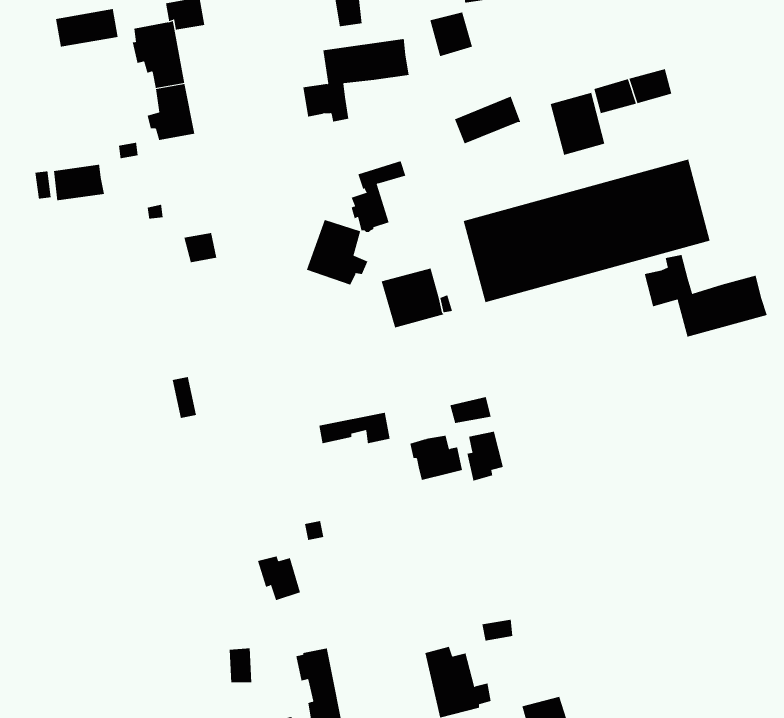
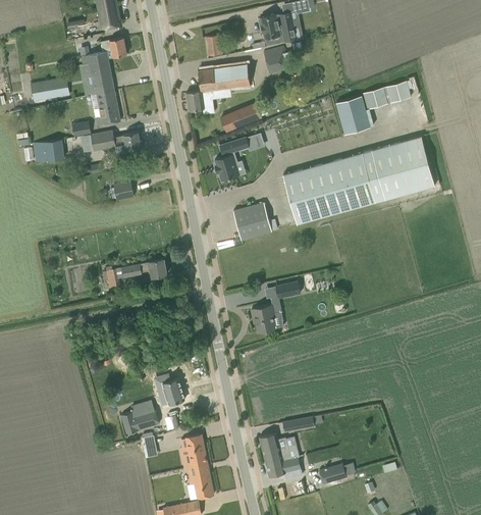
building: [55,9,119,47] -> [31,79,69,102]
building: [454,96,521,144] -> [222,103,263,133]
building: none -> [91,131,143,154]
building: [306,219,368,285] -> none
building: [644,254,767,338] -> none
building: [319,412,390,444] -> [122,259,166,278]
building: [467,431,504,481] -> none
building: none -> [121,409,159,434]

